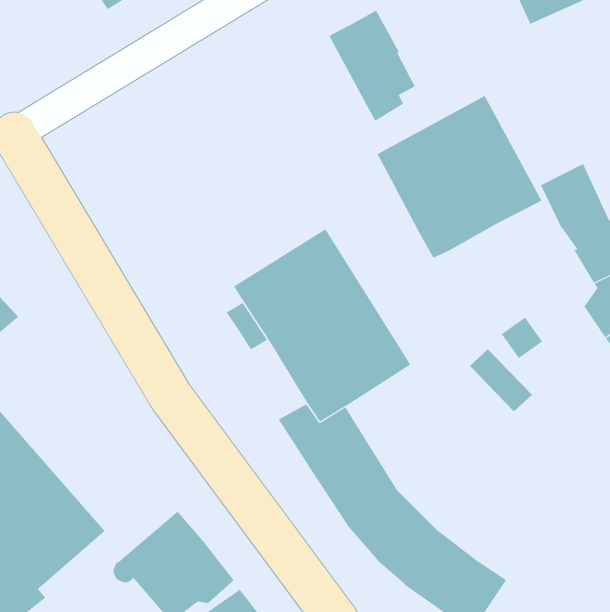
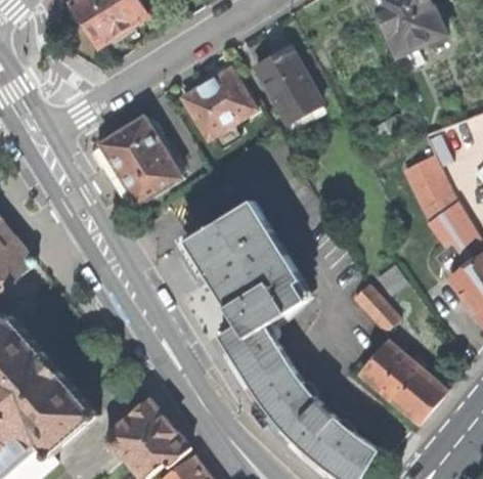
building: none -> [180,67,254,138]
building: [377,95,542,259] -> none
building: none -> [94,115,181,207]
building: none -> [358,340,446,423]

